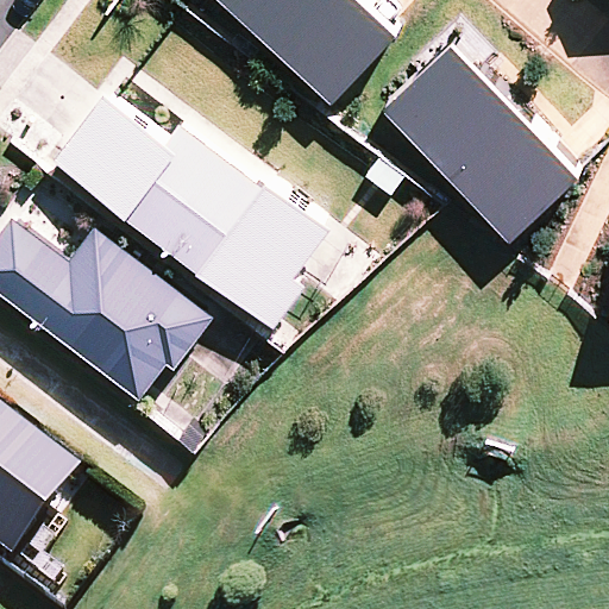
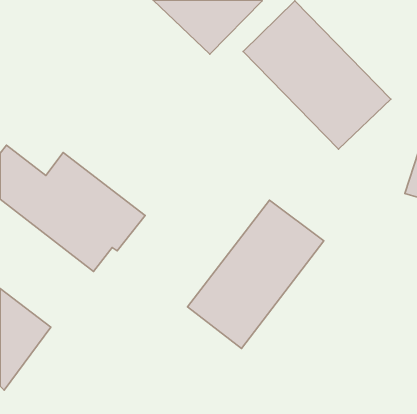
building: [52,95,327,327] -> none
building: none -> [188,200,324,348]

